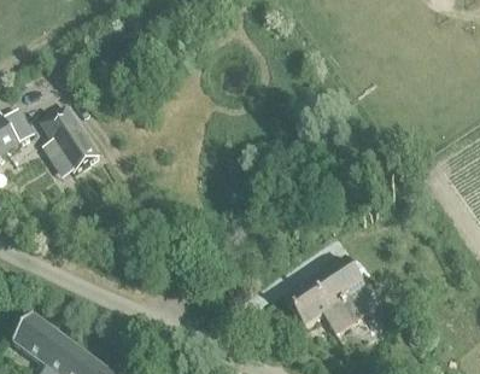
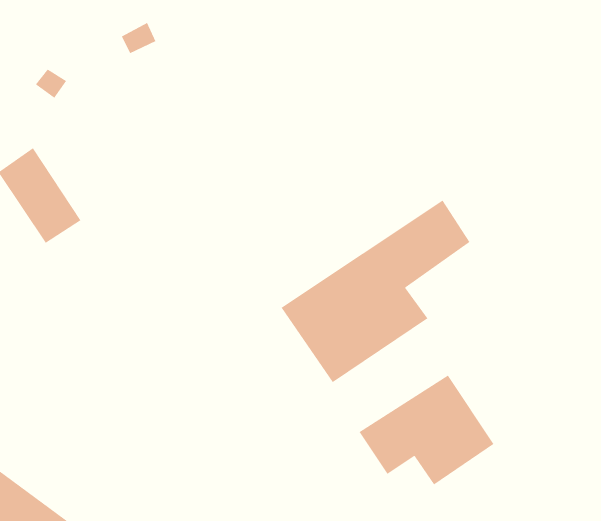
building: none -> [280,199,470,383]

